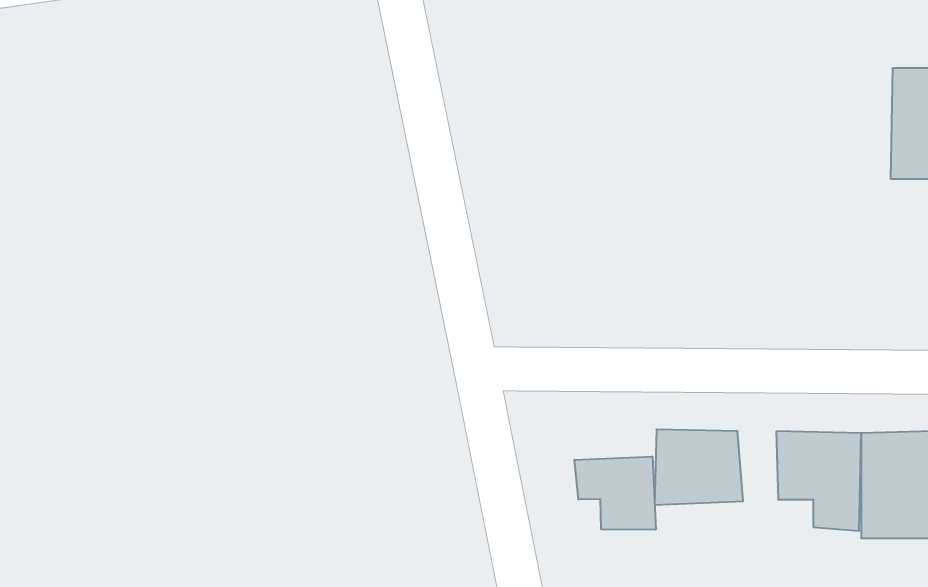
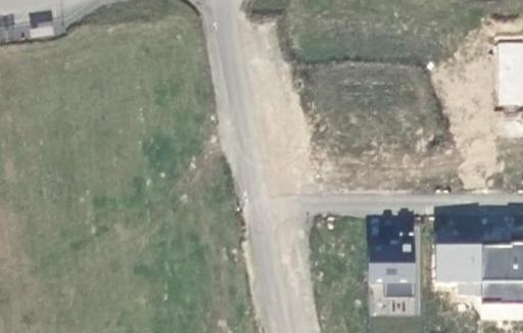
building: [574,456,656,530] -> none

